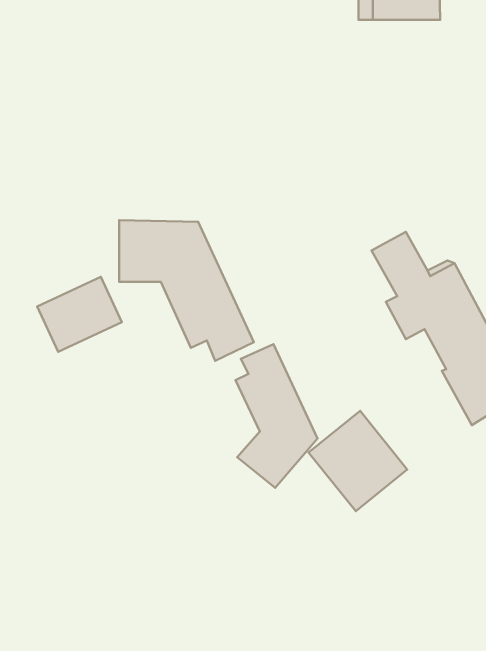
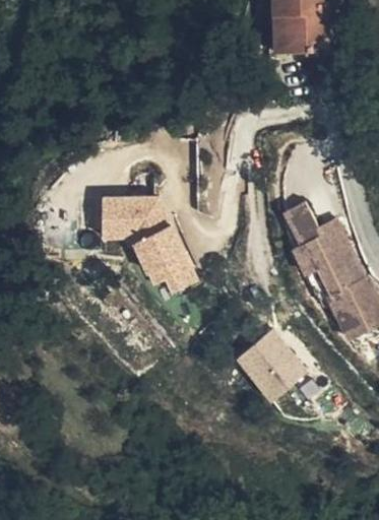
building: [37,277,122,352] -> none
building: [236,344,318,488] -> none

